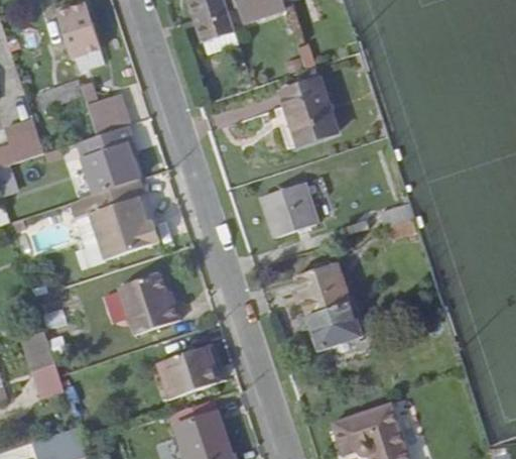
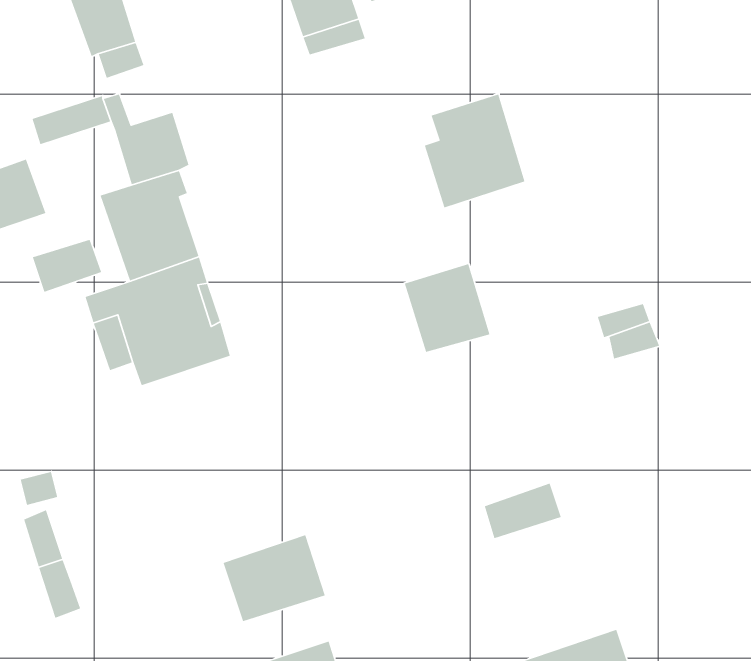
building: none -> [32,239,102,293]
building: [295,264,352,329] -> none
building: [118,271,179,333] -> none

